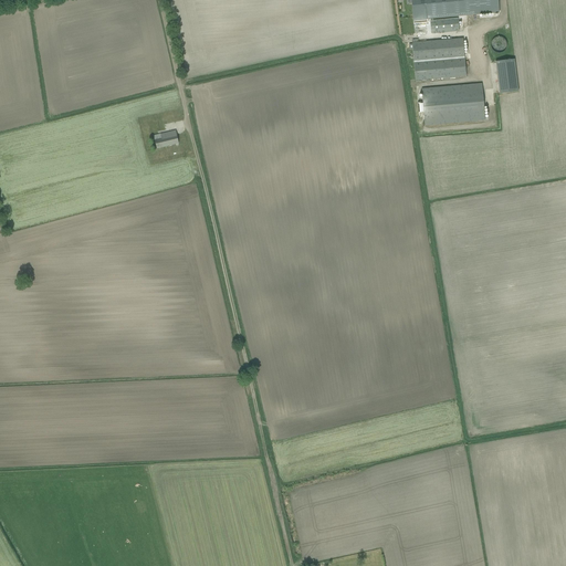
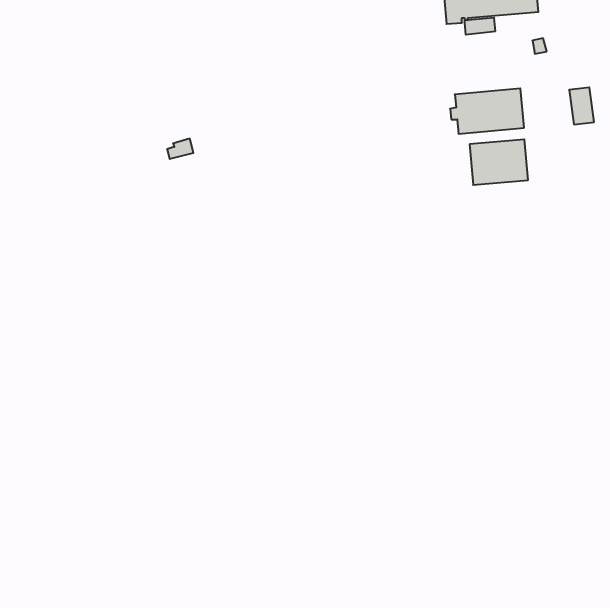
building: [412,36,467,78] -> [470,139,528,185]
building: [495,57,518,92] -> [569,87,594,124]

